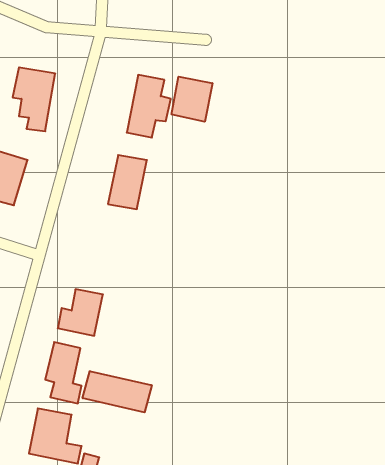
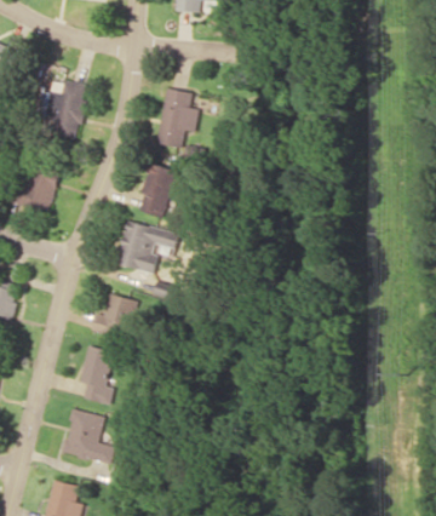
building: [172,77,212,122] -> none
building: none -> [117,222,177,273]
building: [83,371,152,412] -> none

